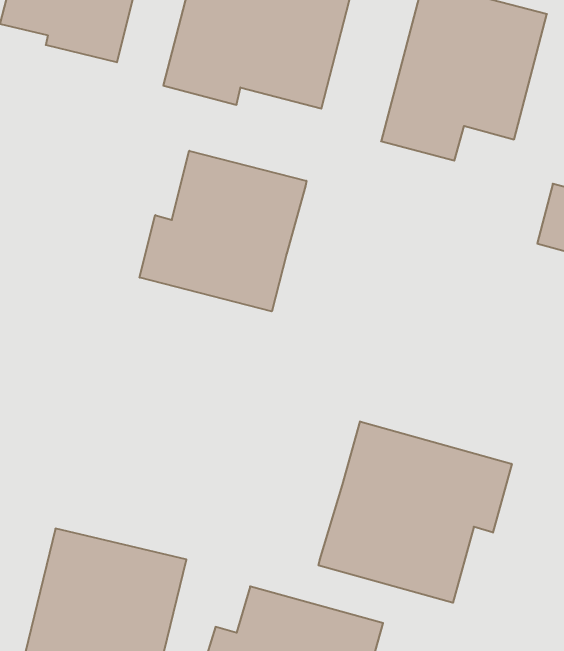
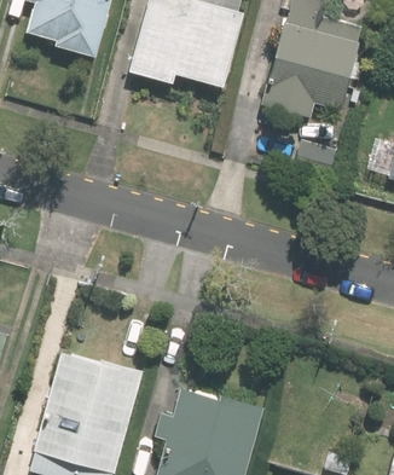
building: [140,151,306,311] -> none
building: [319,421,512,603] -> none

